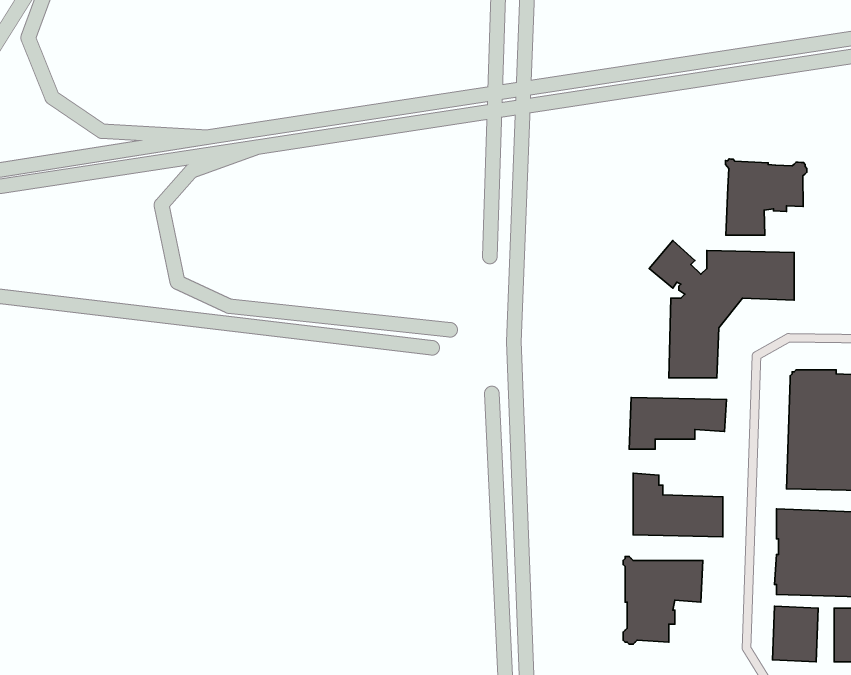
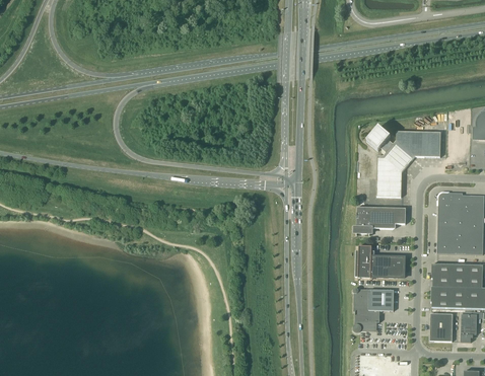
building: [725,159,807,235] -> none

